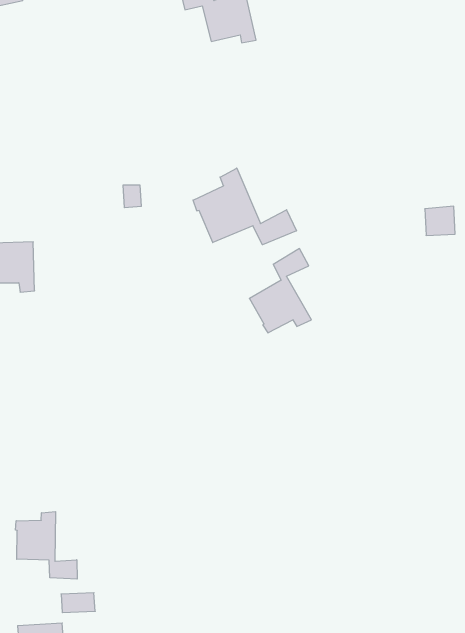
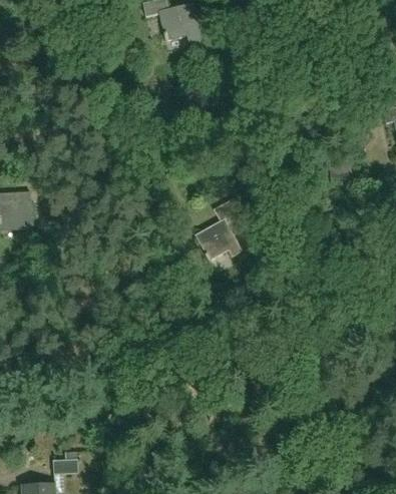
building: [193,168,296,245] -> none
building: [16,512,77,579] -> none

